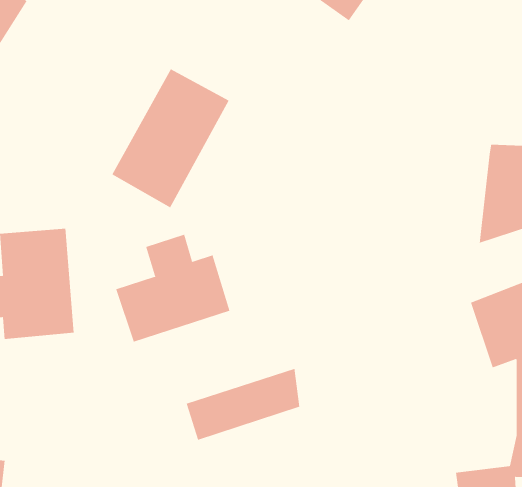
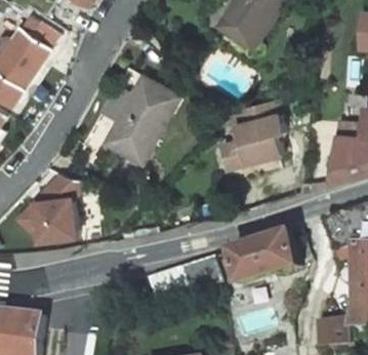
building: none -> [219,96,285,167]
building: [116,234,230,343] -> none
building: none -> [232,231,299,285]

